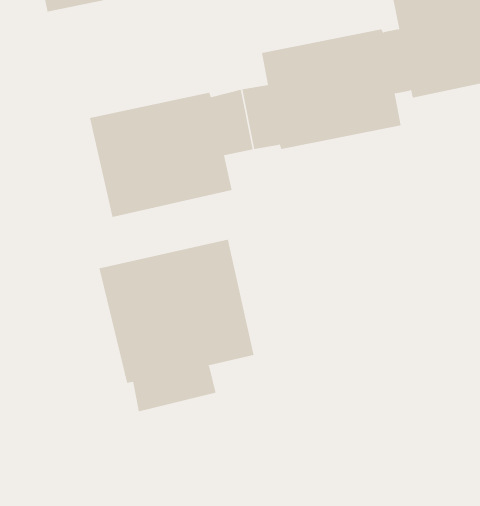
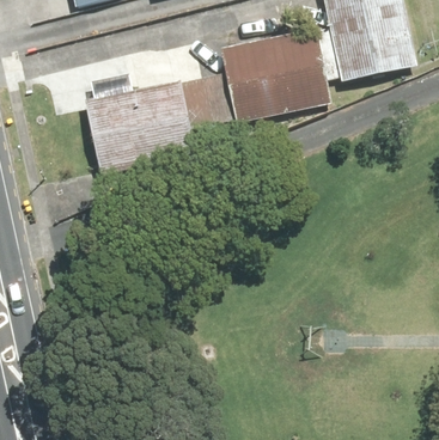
building: [99,239,254,412] -> none

